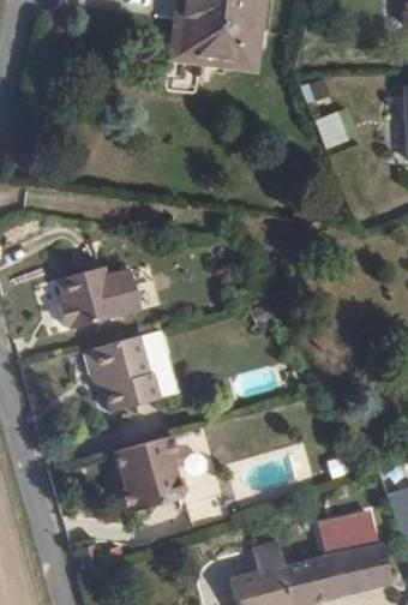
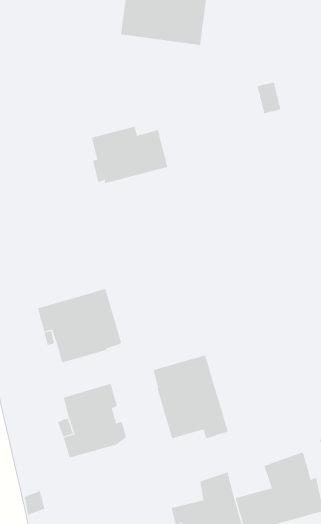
building: [52,265,136,328] -> [91,126,168,184]
building: none -> [153,354,228,439]

